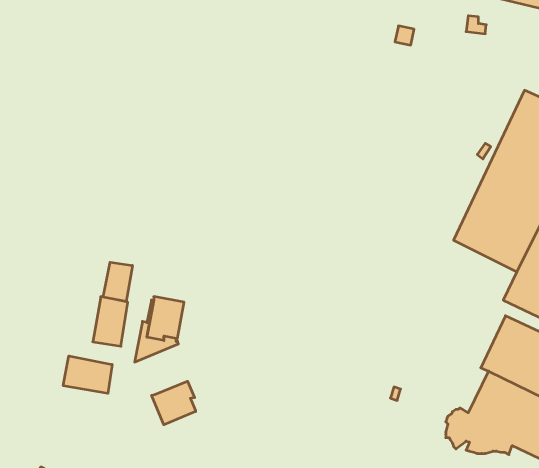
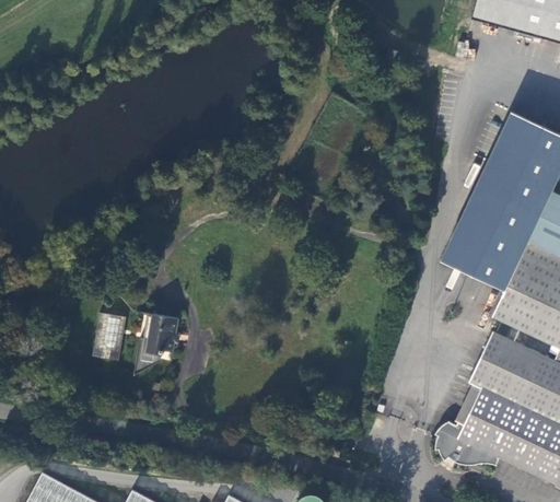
building: [103,262,132,301] -> none
building: [63,356,112,393] -> none
building: [152,381,196,425] -> none

